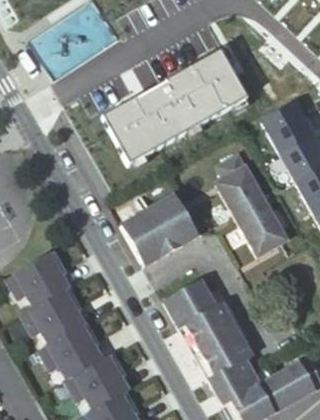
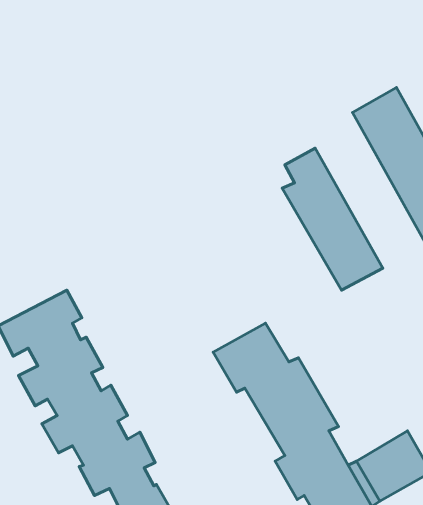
building: [103,54,248,168] -> none
building: [117,188,192,255] -> none

